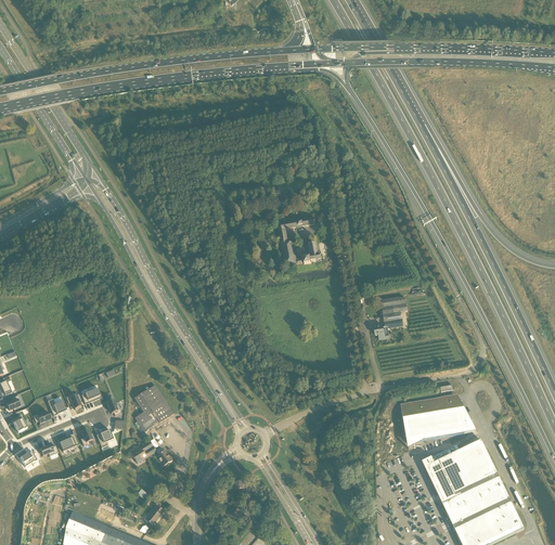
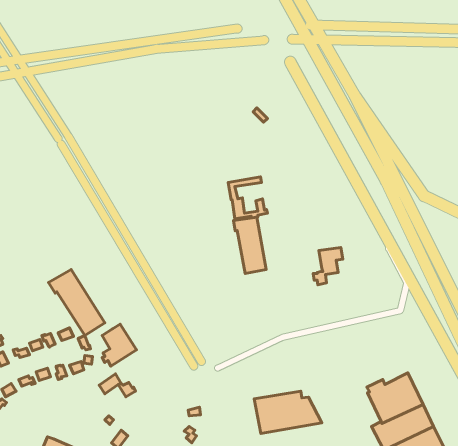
building: none -> [234,217,266,273]
building: none -> [49,270,105,336]
building: [399,395,476,443] -> [254,391,322,433]

